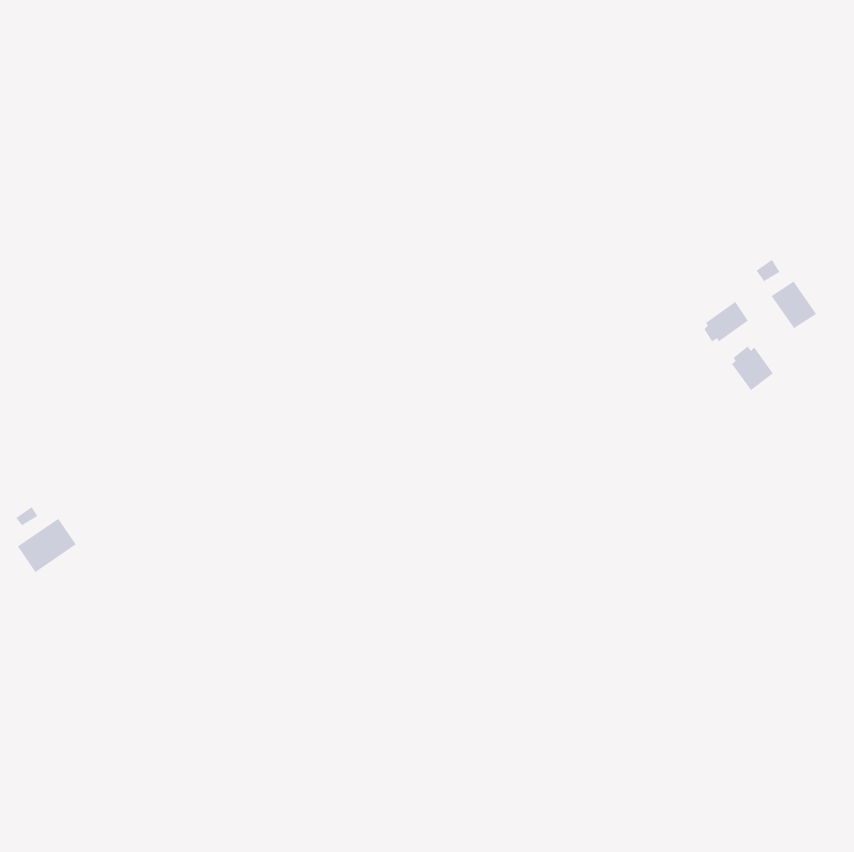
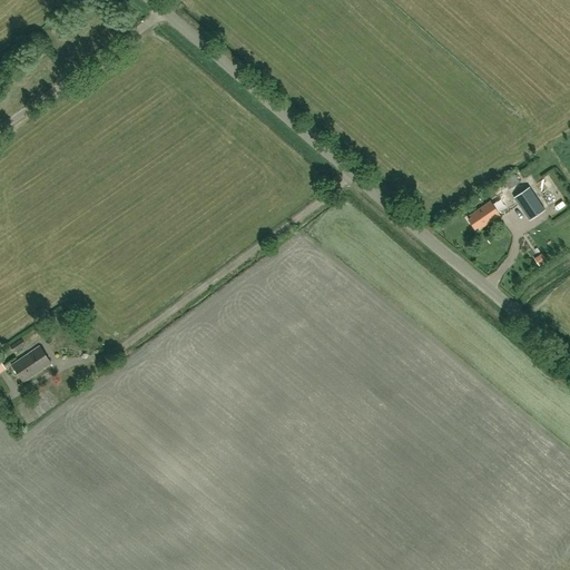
building: [731,345,774,391] -> none

